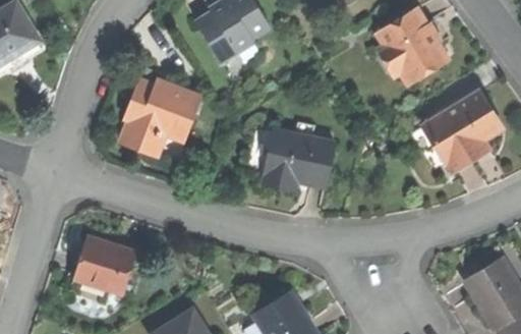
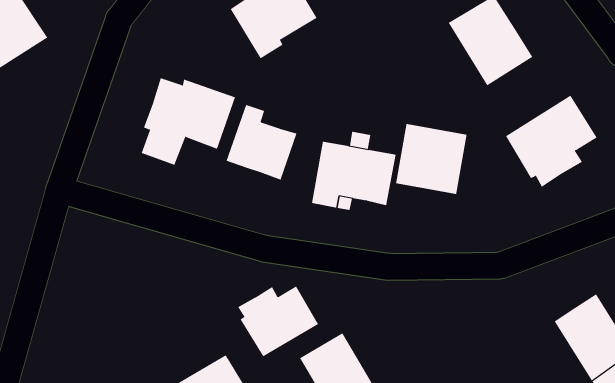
building: none -> [226,104,297,180]
building: none -> [395,123,467,195]
building: [73,236,134,293] -> none
building: none -> [237,285,319,357]

